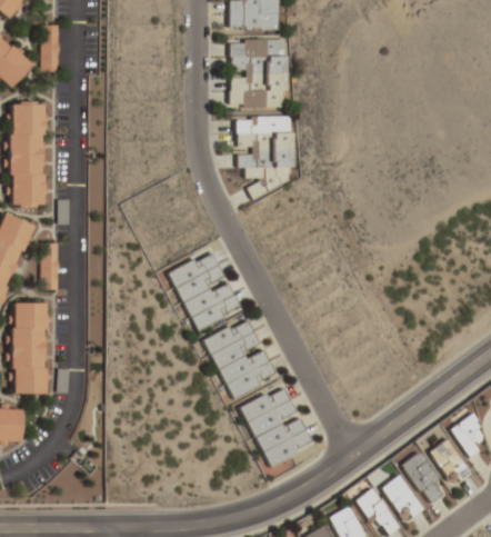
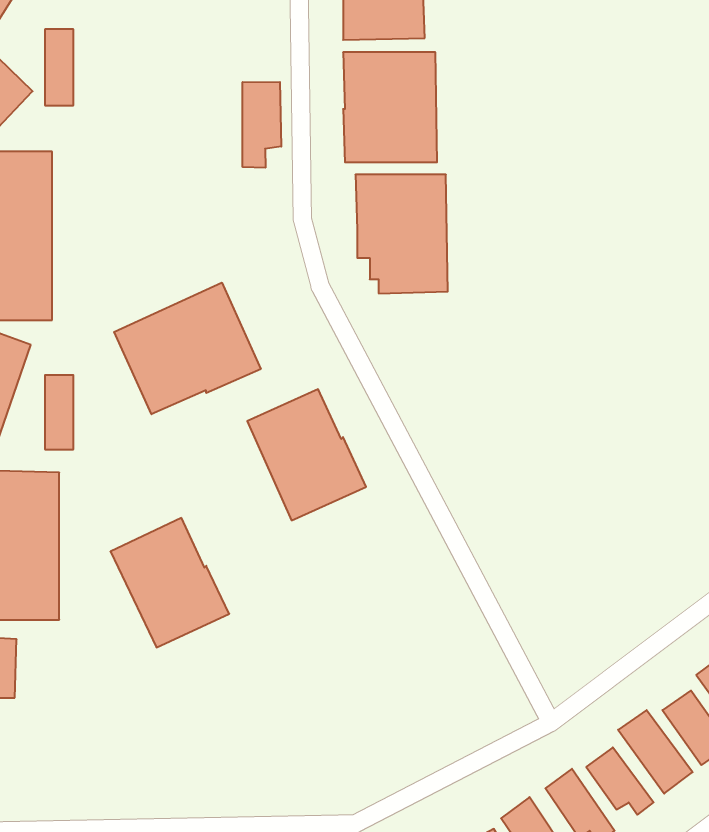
building: none -> [243,82,281,168]
building: none -> [114,283,261,414]
building: [204,317,279,398] -> [110,518,229,647]
building: [241,386,314,467] -> none

